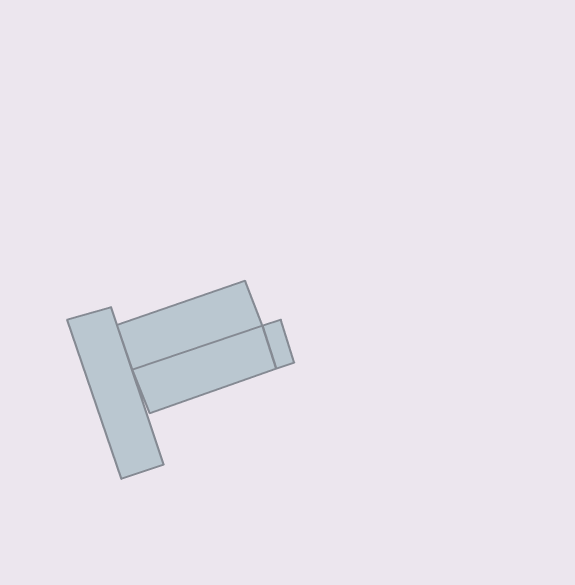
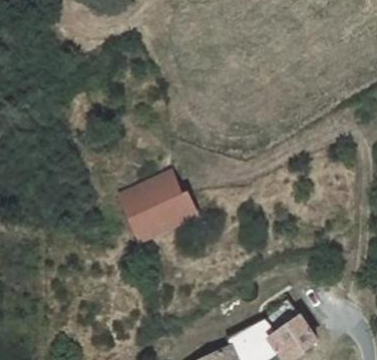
building: [67,307,164,479] -> none

